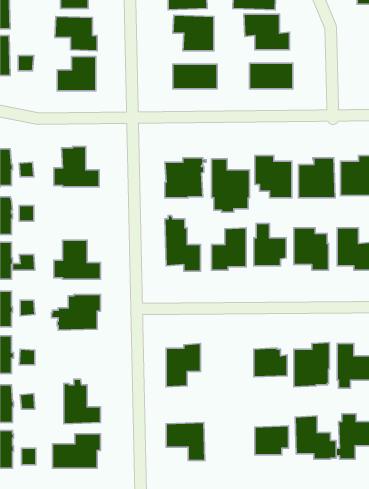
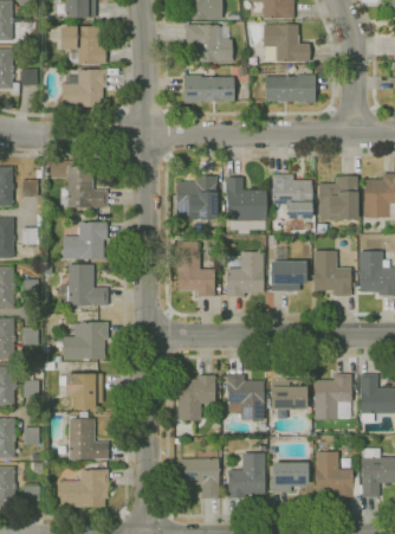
building: none -> [61,213,106,259]
building: none -> [59,373,102,410]
building: none -> [225,374,264,420]
building: none -> [227,452,264,497]

